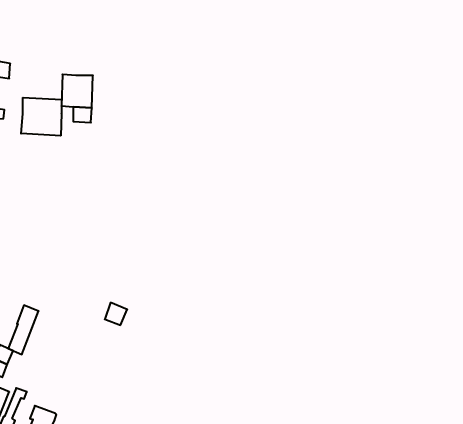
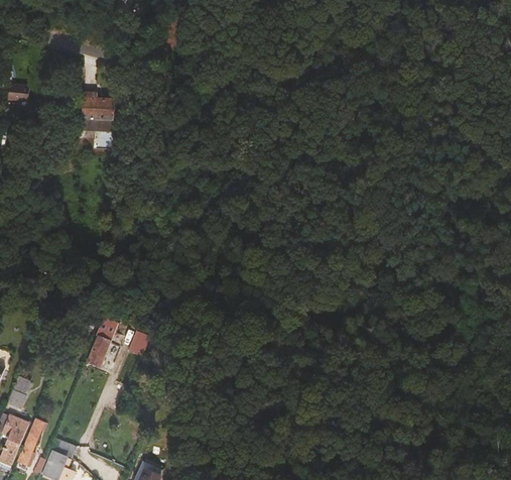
building: [21,98,61,136] -> none
building: [8,305,39,354] -> [87,316,118,366]

